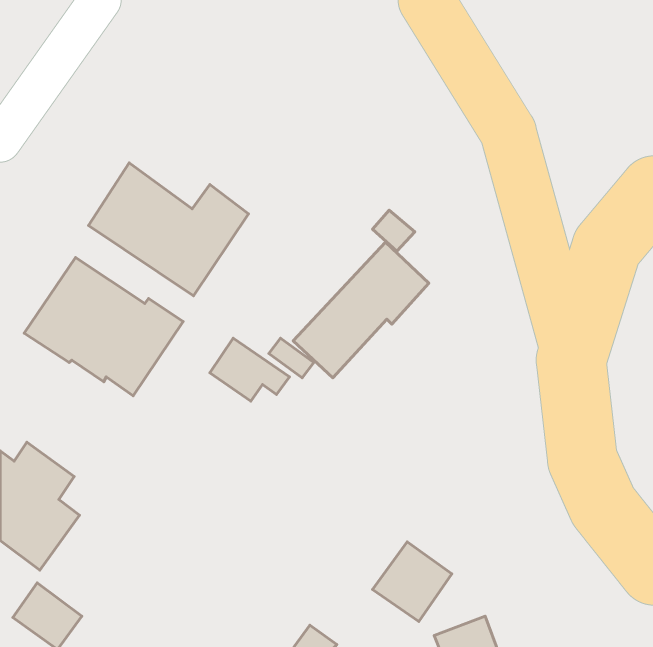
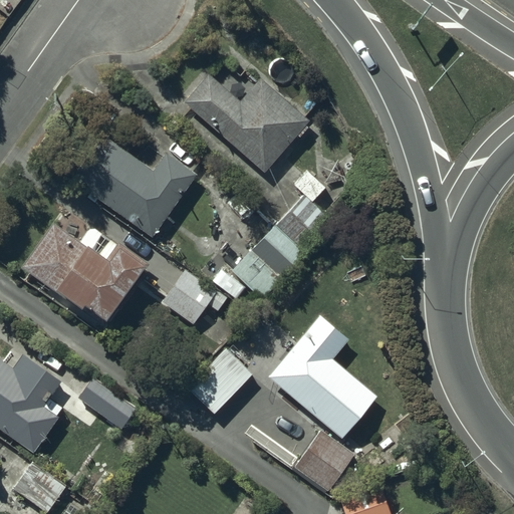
building: none -> [182,72,308,174]
building: none -> [267,313,378,441]
building: none -> [186,347,252,415]
building: none -> [75,379,135,433]

